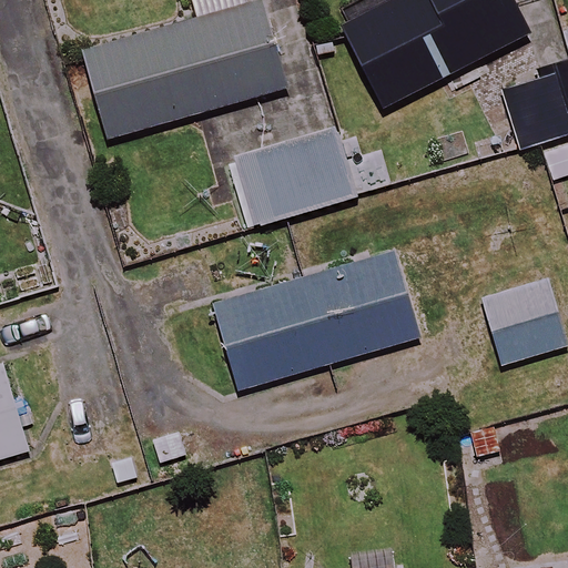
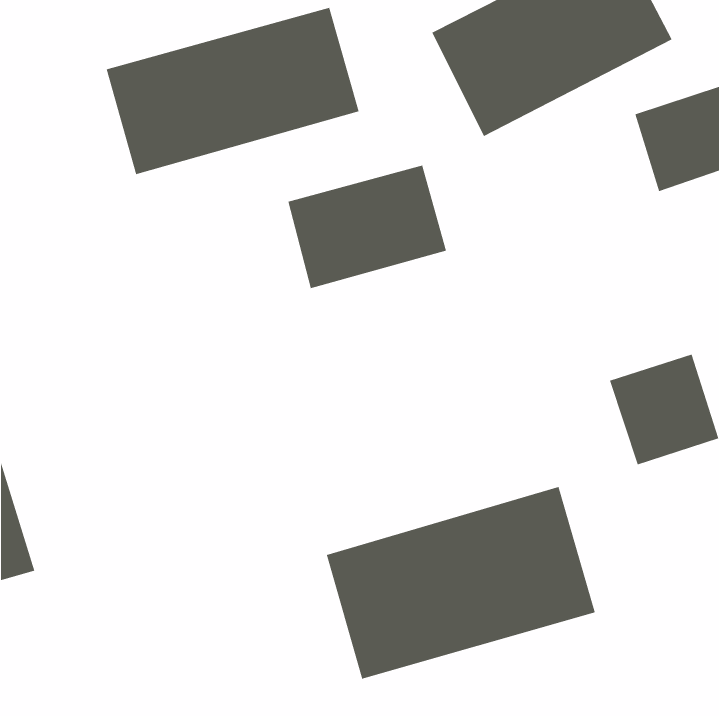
building: [211,252,416,389] -> none
building: none -> [326,486,595,679]

